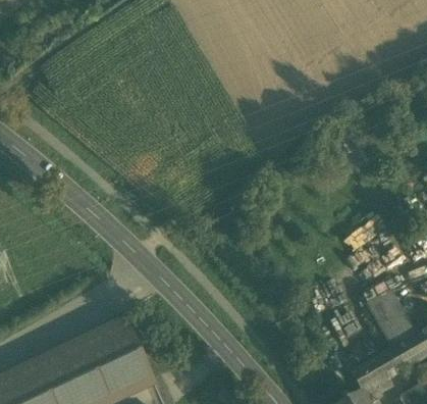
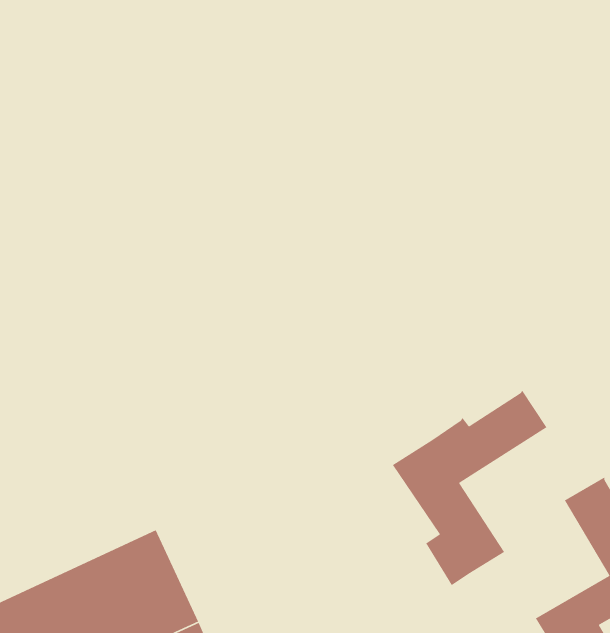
building: none -> [392,389,548,586]

